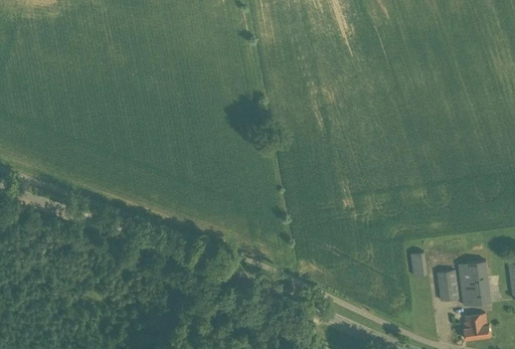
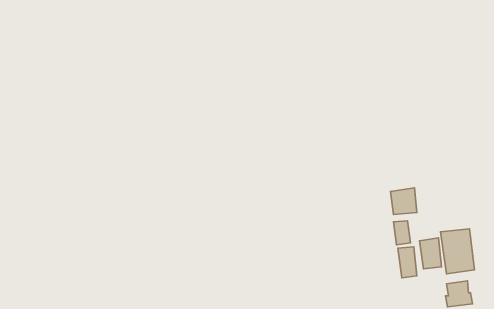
building: none -> [391,188,417,215]
building: none -> [398,247,417,278]

